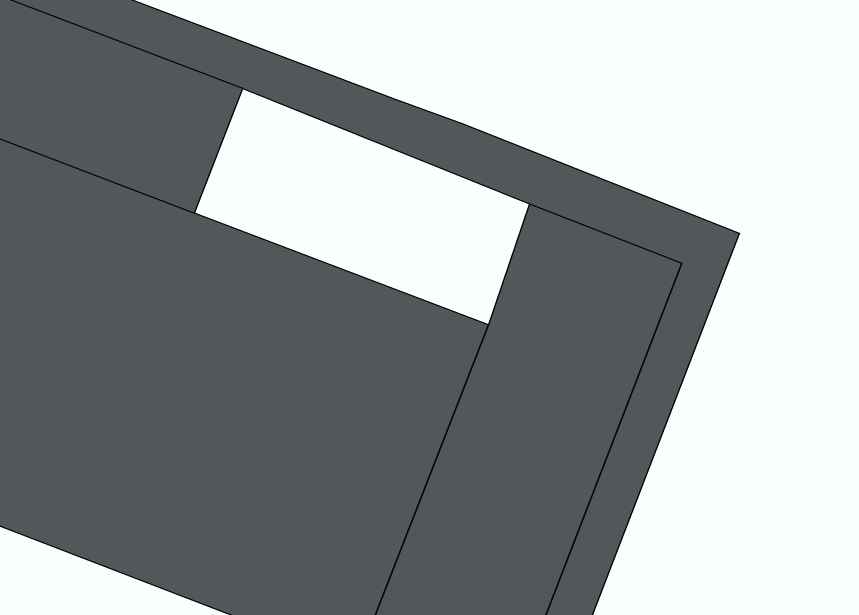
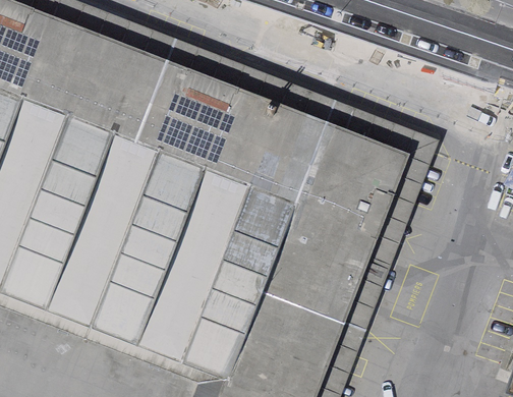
building: none -> [132,76,316,206]

